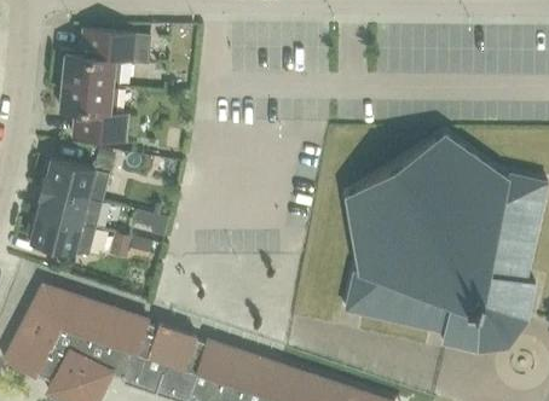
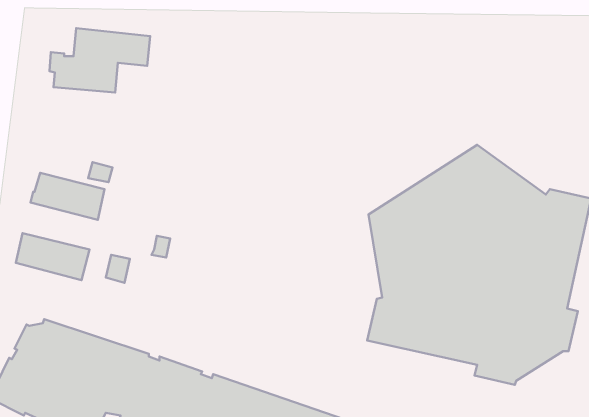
building: [59,82,128,143] -> none
building: [35,186,103,228] -> none

